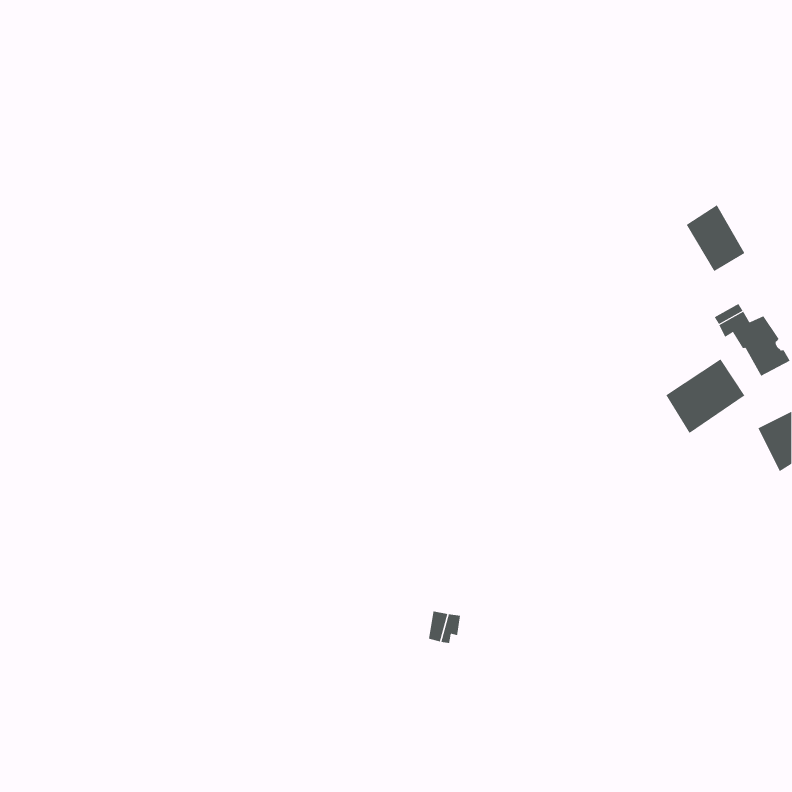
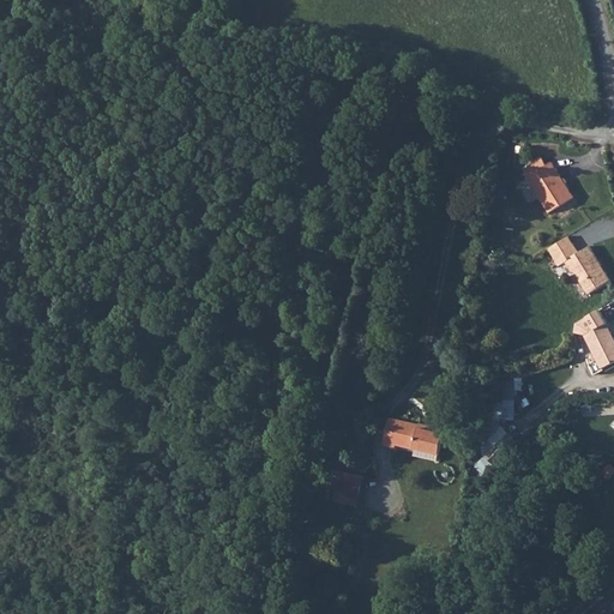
building: [666,358,745,434] -> none
building: none -> [378,420,441,455]

